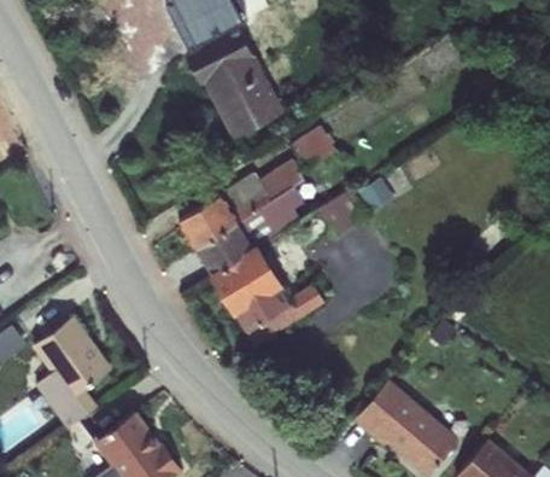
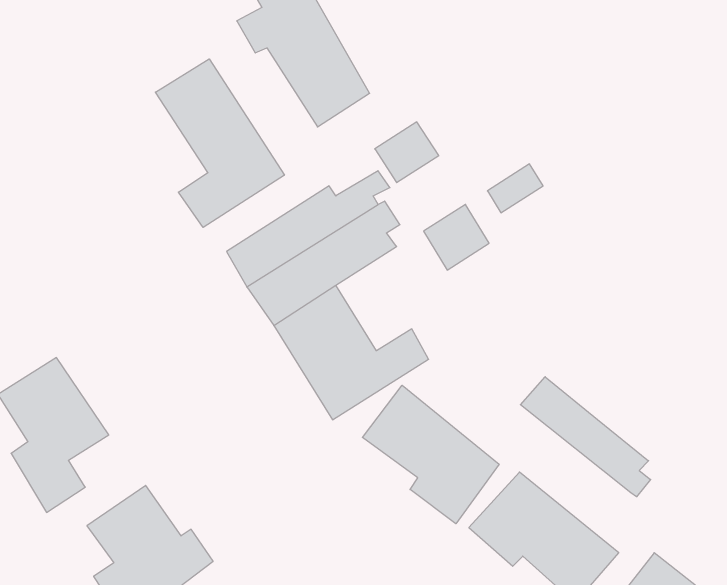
building: none -> [155,59,284,227]
building: none -> [520,377,651,497]
building: none -> [362,385,499,524]

